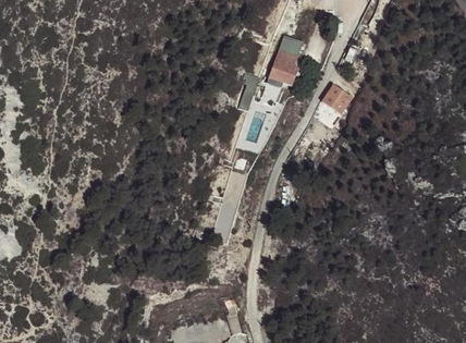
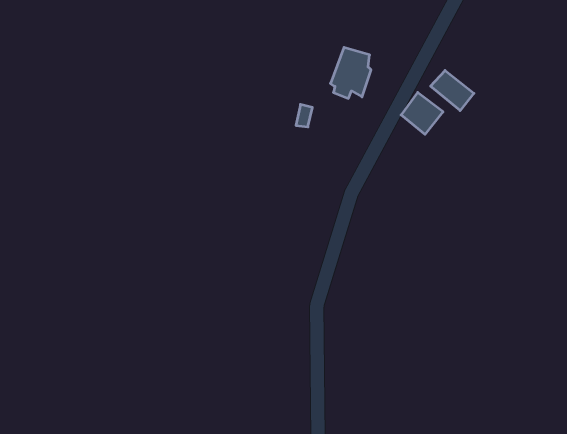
building: none -> [431,70,474,111]

